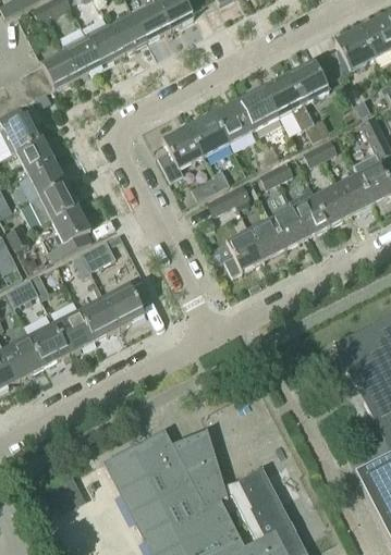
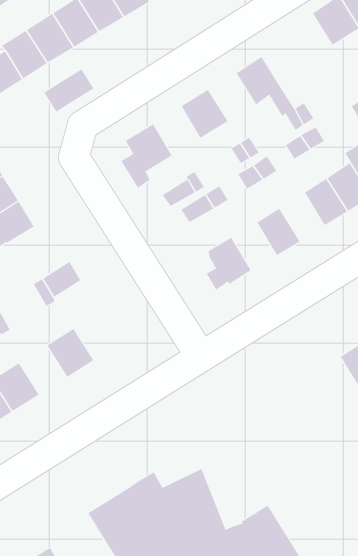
building: [288,61,329,103] -> none
building: none -> [44,69,94,113]
building: [239,87,278,128] -> none
building: [188,112,228,155] -> none
building: [289,189,330,238] -> none
building: [48,207,90,260] -> none
building: [248,219,286,260] -> none
building: [105,285,146,328] -> none
building: [54,311,95,354] -> none

